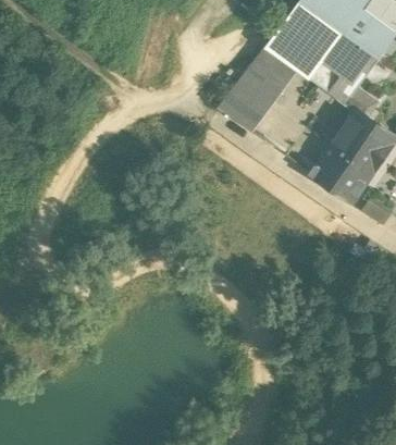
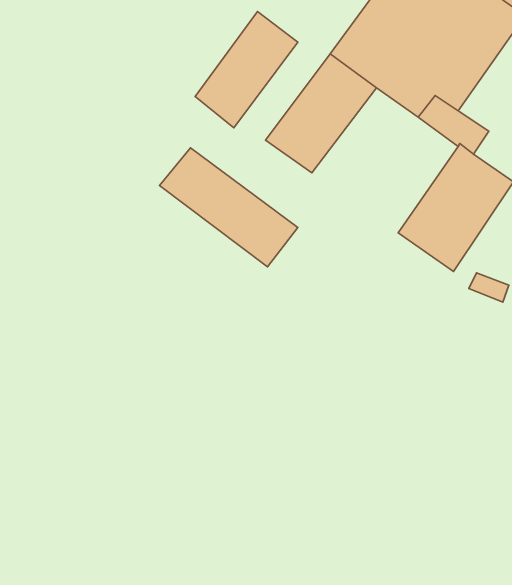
building: none -> [195,11,298,128]
building: none -> [159,148,298,267]

